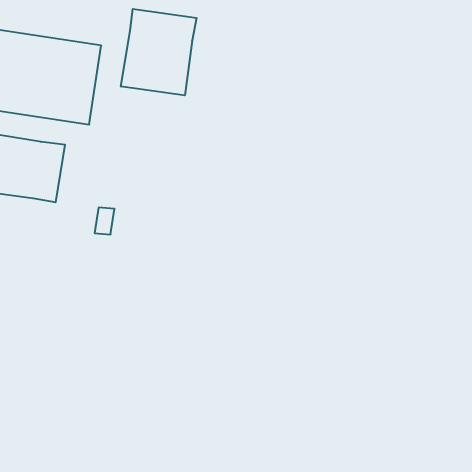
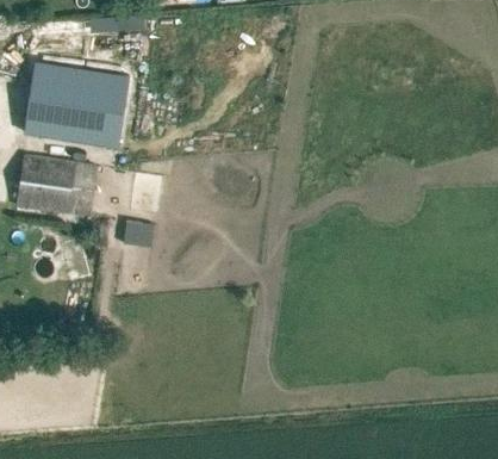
building: [121,9,197,95] -> none

